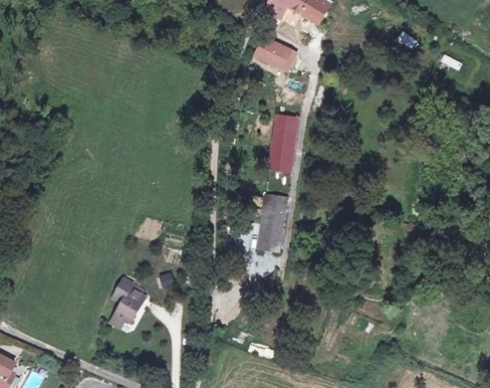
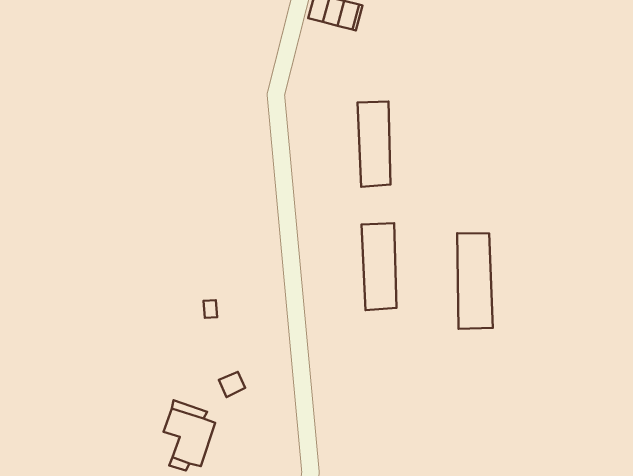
building: none -> [457,233,493,329]

